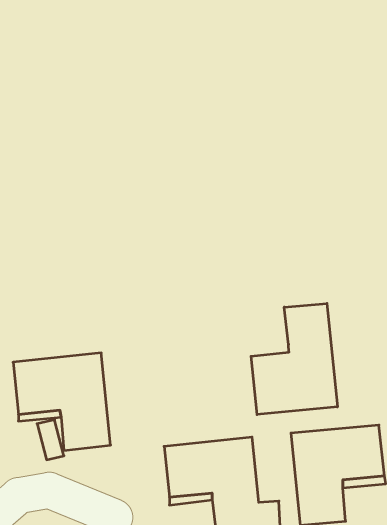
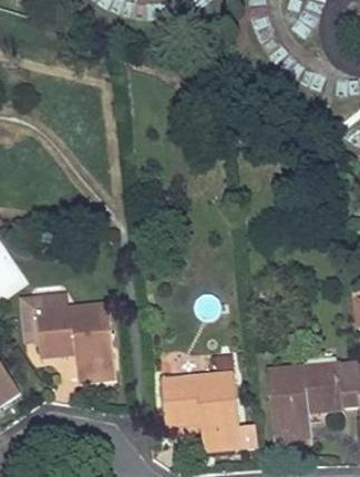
building: [251,303,337,415] -> none

